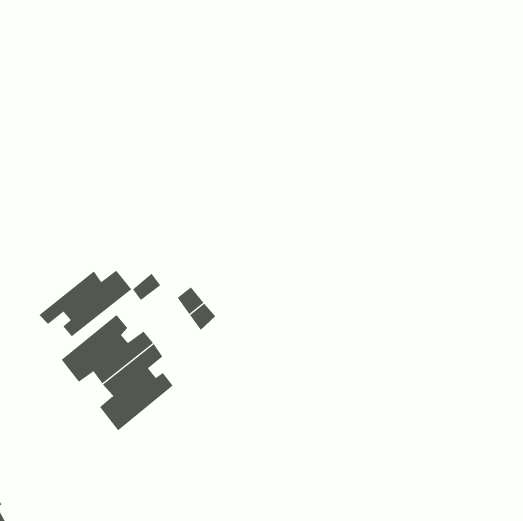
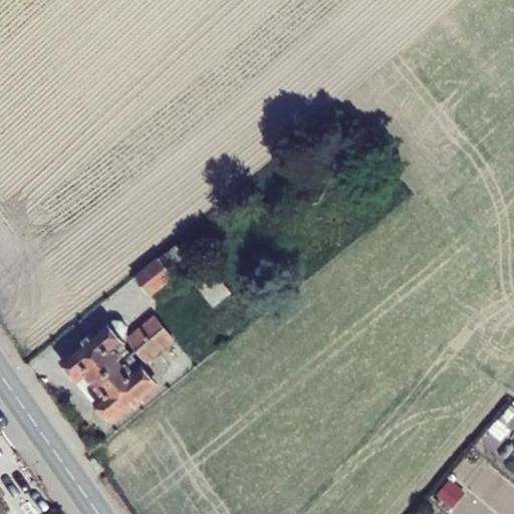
building: [39,270,132,337] -> none

